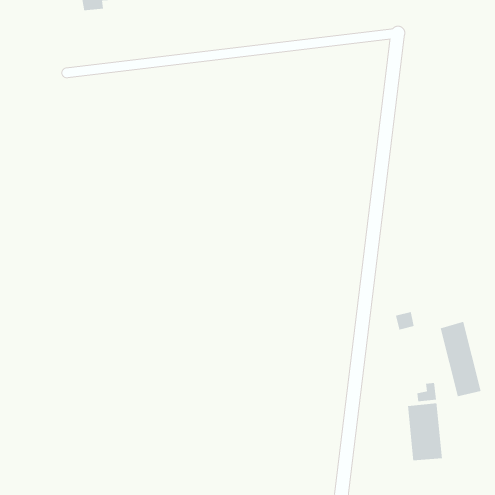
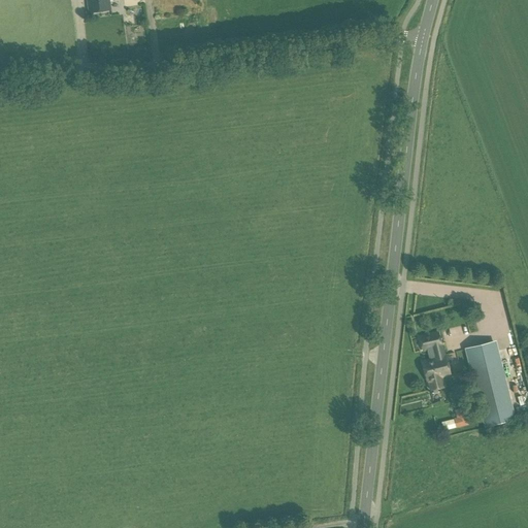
building: none -> [423,355,451,389]
building: [407,402,442,461] -> none

